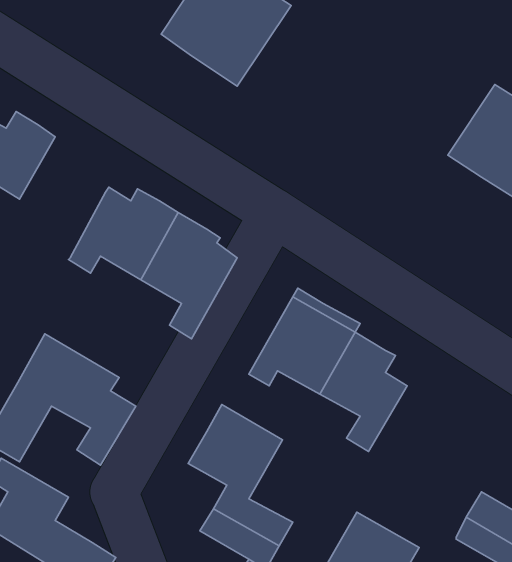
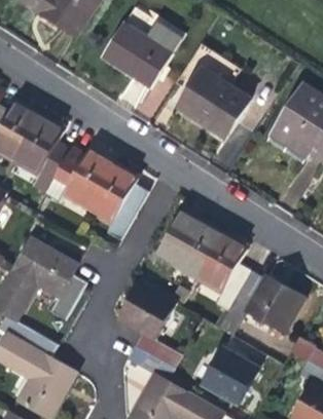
building: none -> [175,43,248,137]
building: none -> [15,119,68,193]
building: none -> [219,271,303,337]

